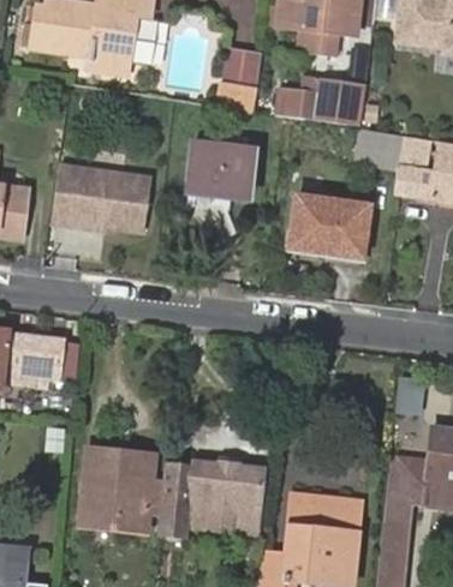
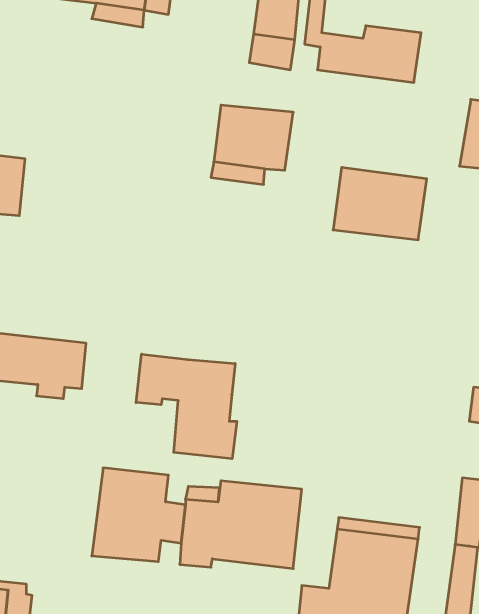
building: [353,131,401,166] -> none
building: [48,168,148,230] -> none
building: none -> [136,354,237,459]

